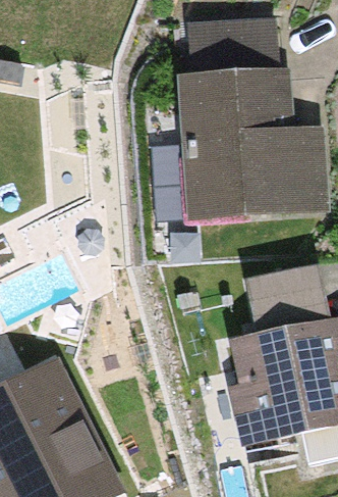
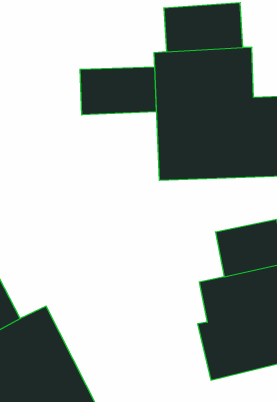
building: none -> [80,67,156,115]

